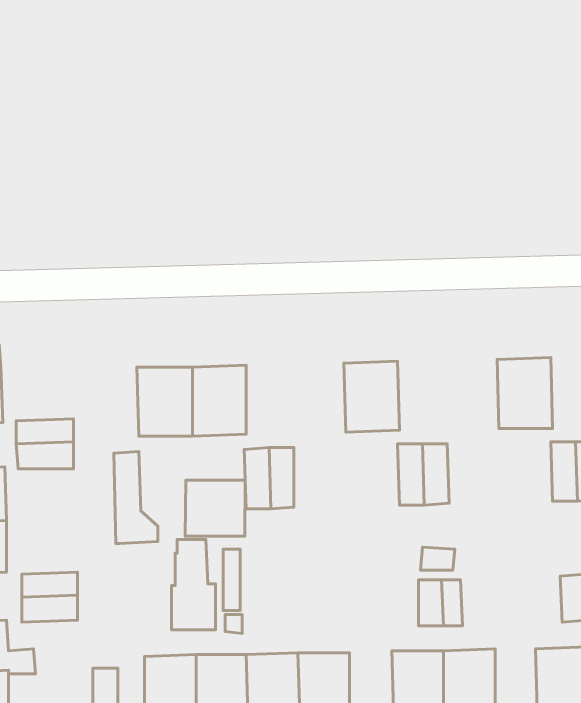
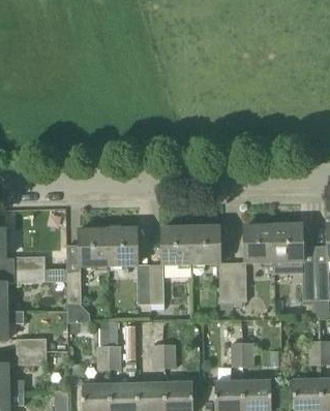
building: none -> [244,224,273,262]
building: none -> [160,226,190,264]
building: [185,480,245,536] -> none
building: none -> [151,345,175,370]

